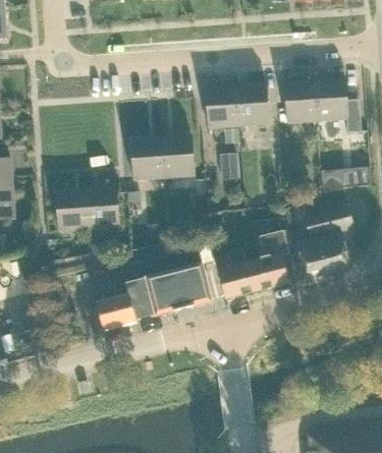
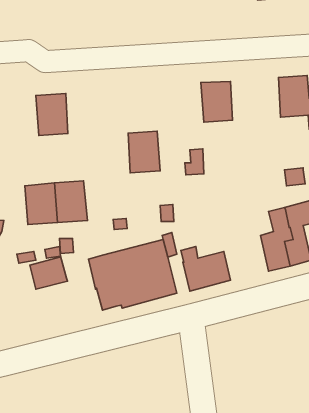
building: [285,79,318,122] -> none
building: [206,84,239,127] -> none
building: [131,136,164,179] -> [36,94,68,135]
building: [252,218,293,287] -> none
building: [98,295,137,329] -> [30,256,68,289]

